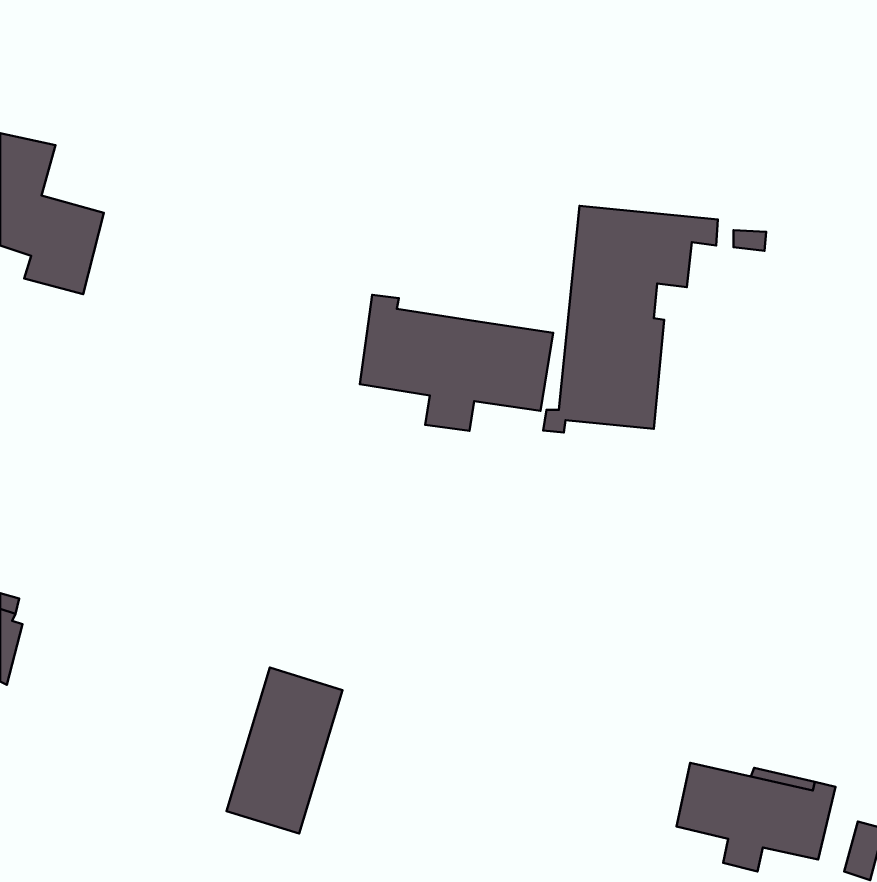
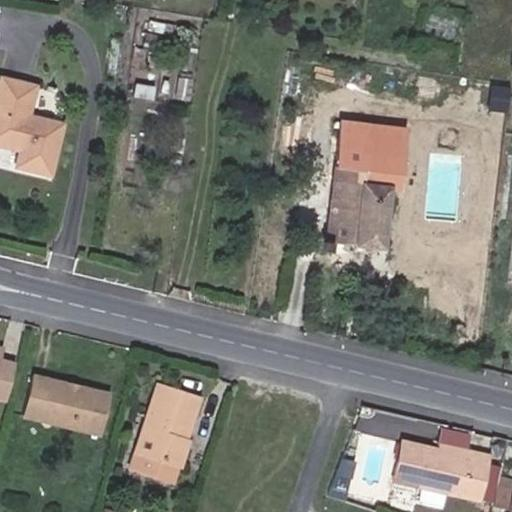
building: [360,295,553,431] -> none
building: none -> [26,374,110,433]

